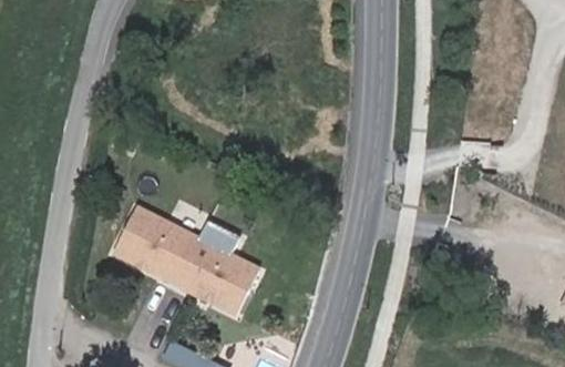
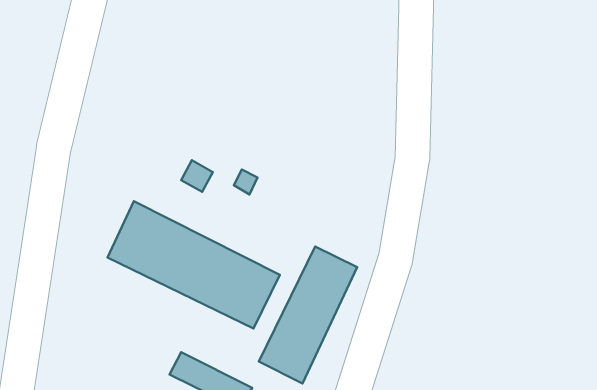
building: none -> [259,247,357,384]

